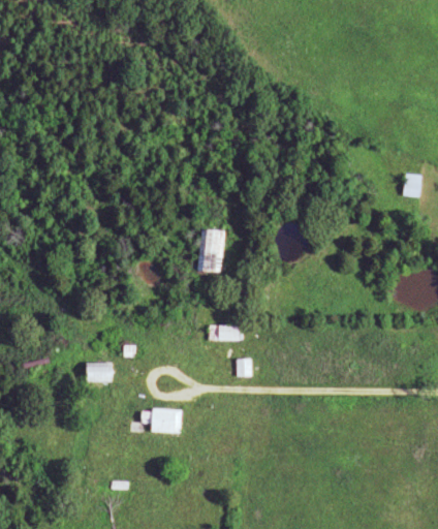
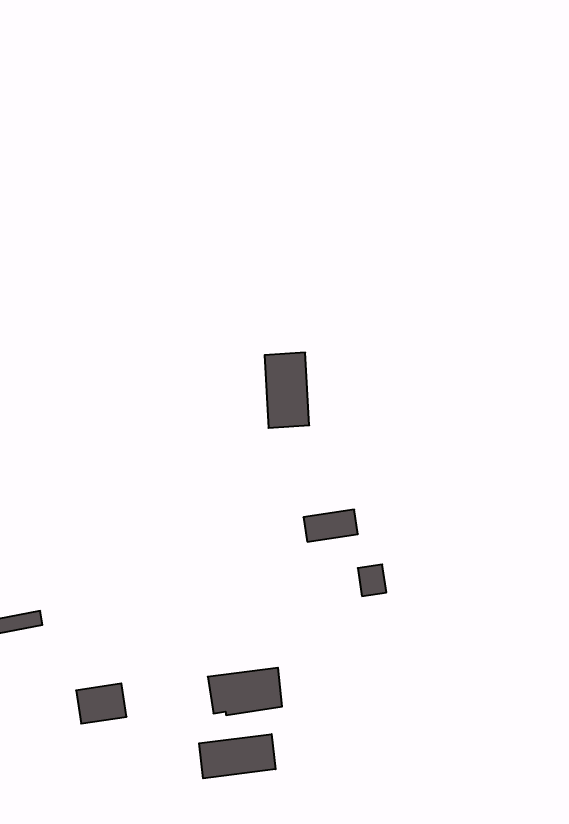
building: [86,362,113,381] -> [76,683,127,724]
building: none -> [199,734,276,778]

